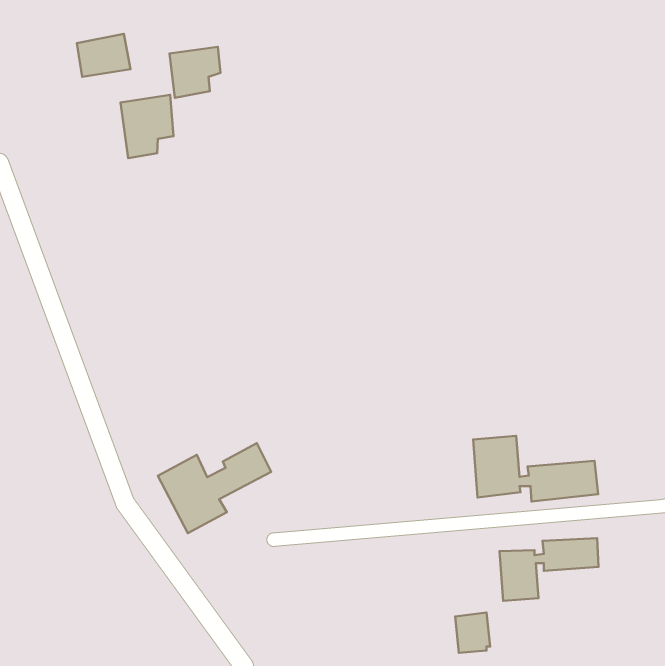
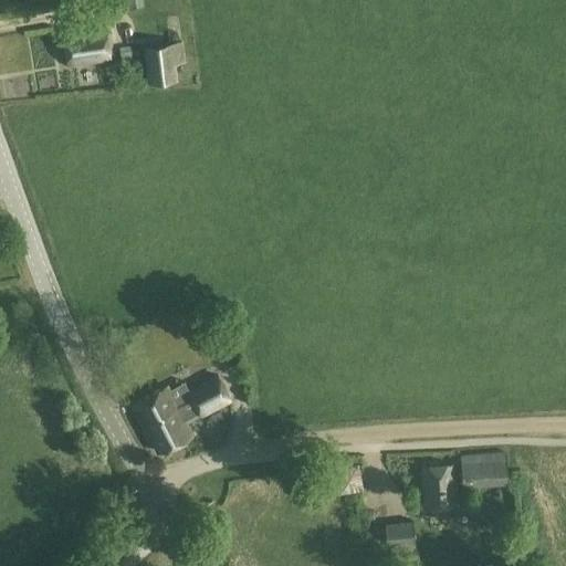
building: [121,95,174,158] -> none
building: [473,436,598,501] -> none

